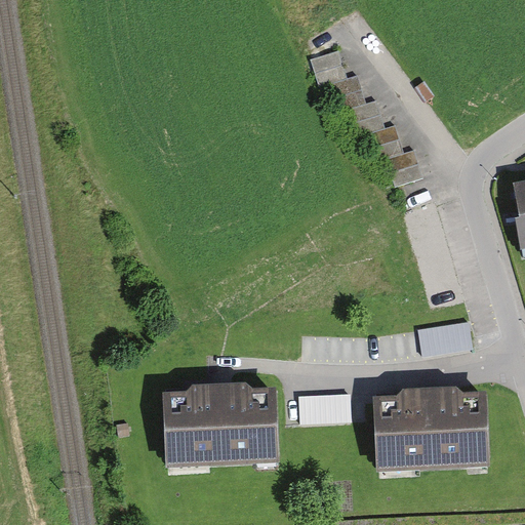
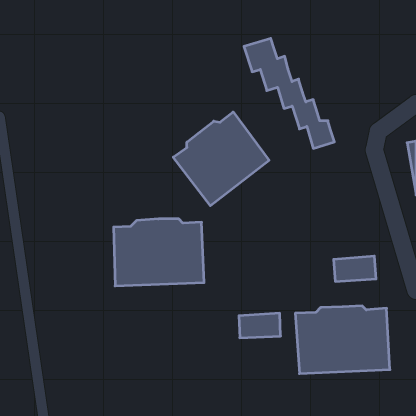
building: none -> [173,112,269,206]
building: [164,381,278,466] -> [114,219,204,286]

